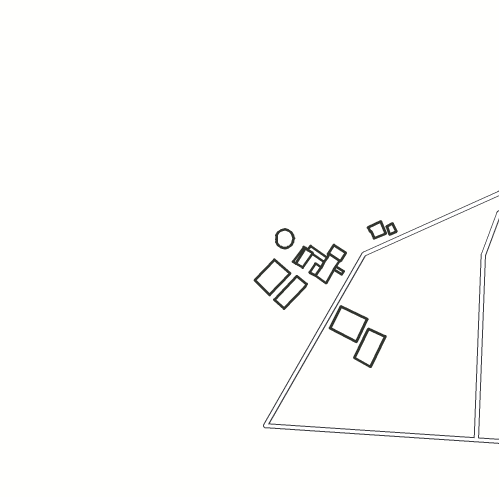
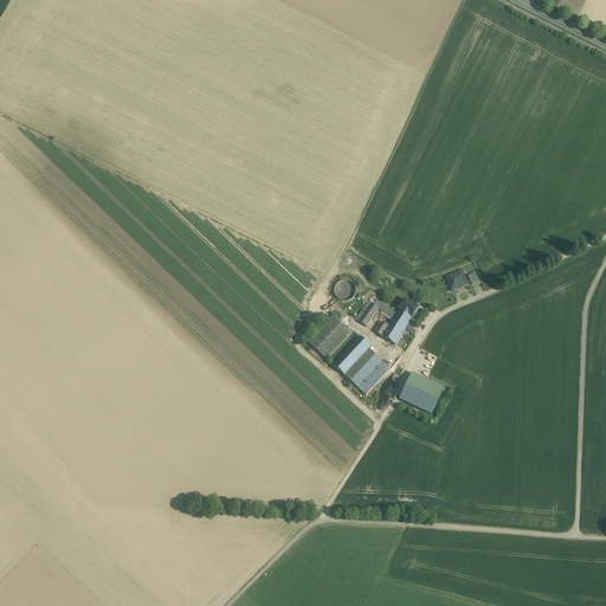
building: none -> [344,348,391,394]
building: [355,329,385,367] -> none

